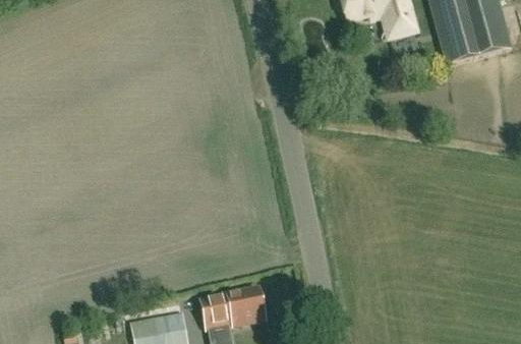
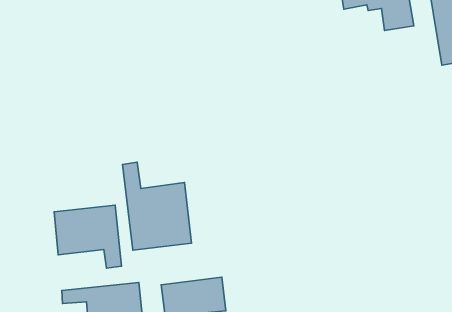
building: none -> [123,162,191,250]
building: none -> [54,205,122,268]

